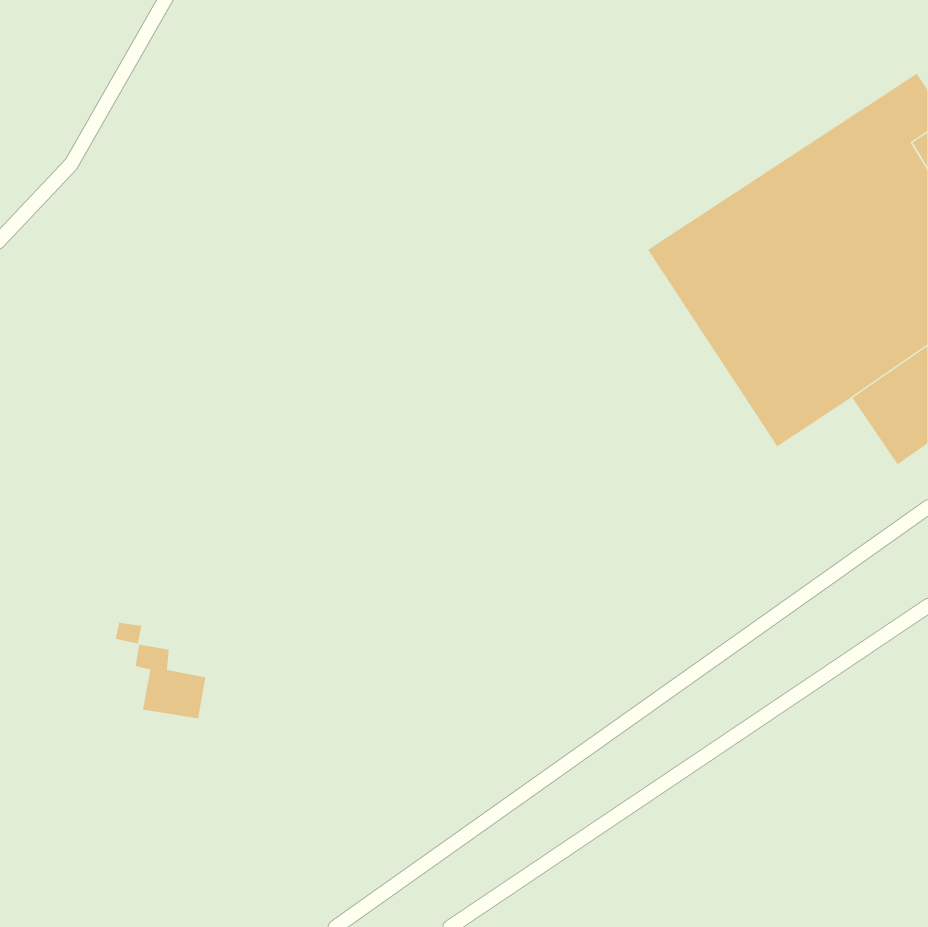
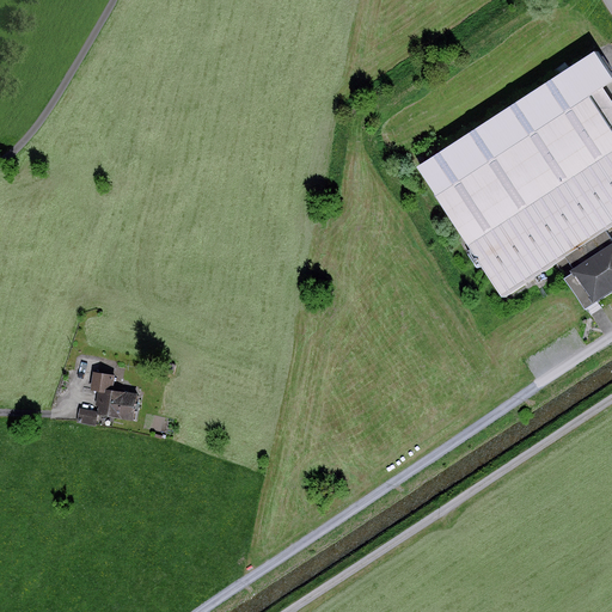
building: [135,644,206,719] -> [90,371,136,420]

